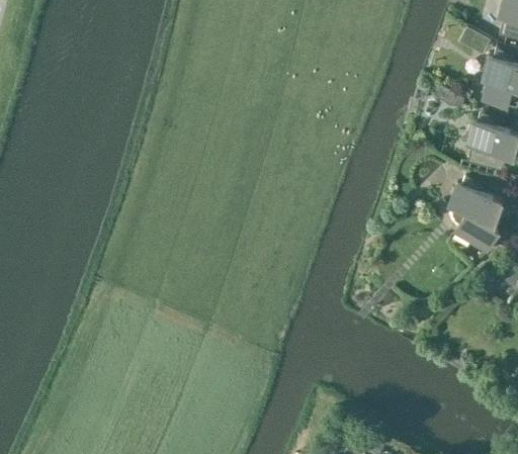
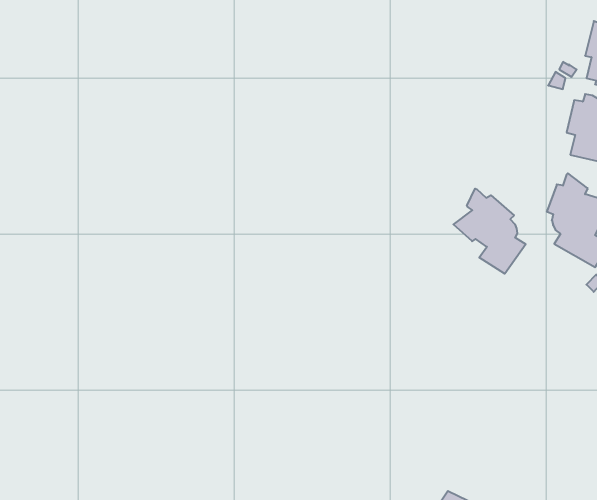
building: none -> [453,189,526,274]

